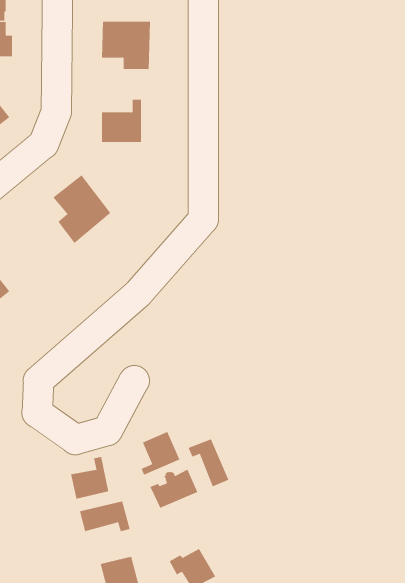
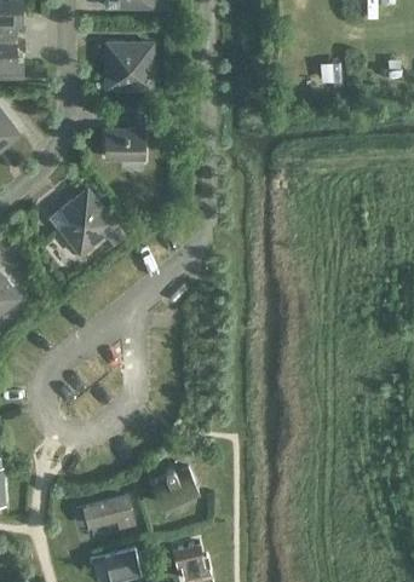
building: [141,431,180,476] -> none
building: [188,439,229,487] -> none
building: [70,456,109,499] -> none

